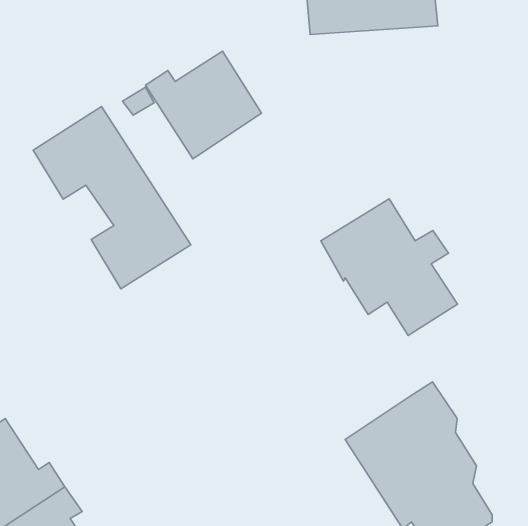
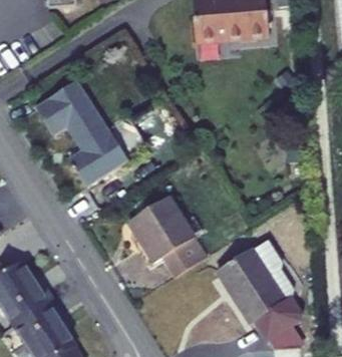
building: [145,51,261,159] -> none
building: [321,199,457,336] -> [129,196,208,274]

